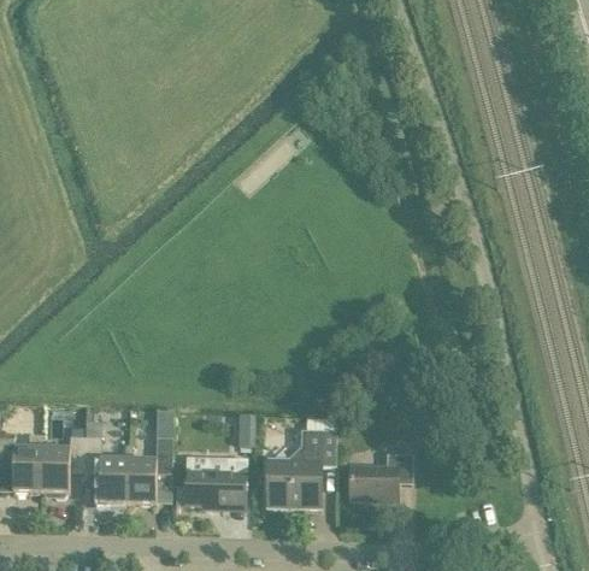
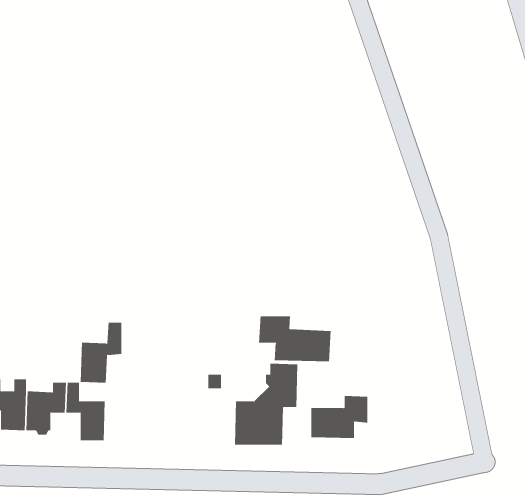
building: none -> [259,315,331,362]
building: [125,436,171,502] -> [80,322,122,383]
building: [184,455,246,511] -> none

